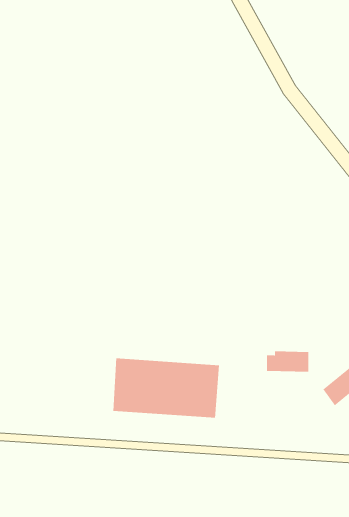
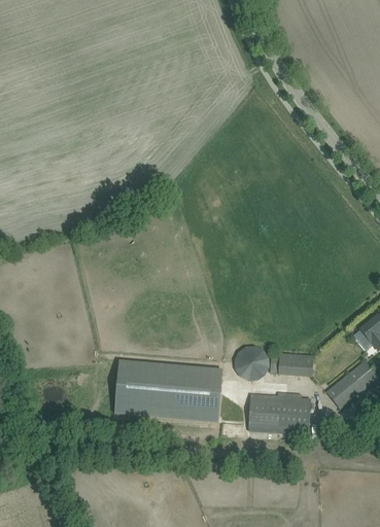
building: none -> [235,347,268,380]
building: none -> [249,392,310,434]

